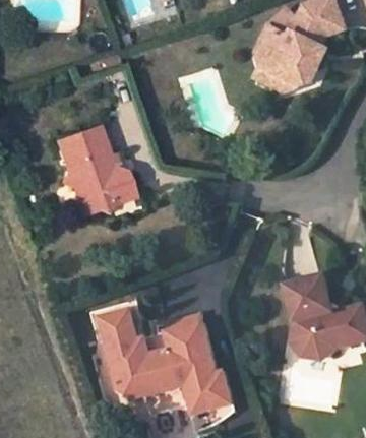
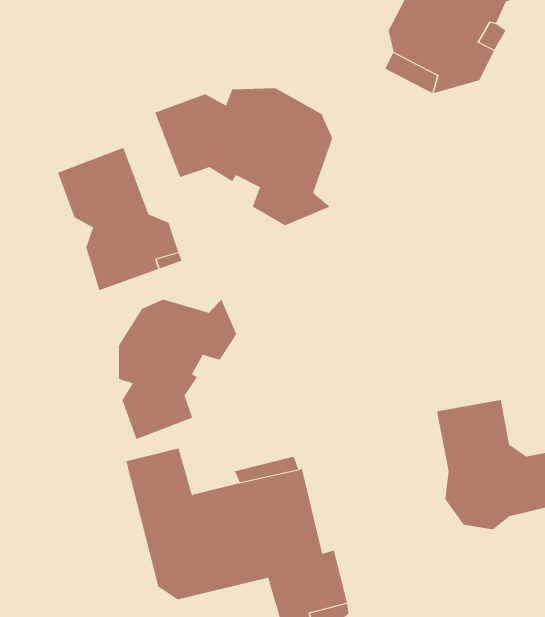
building: none -> [154,88,333,226]
building: none -> [119,299,237,440]

